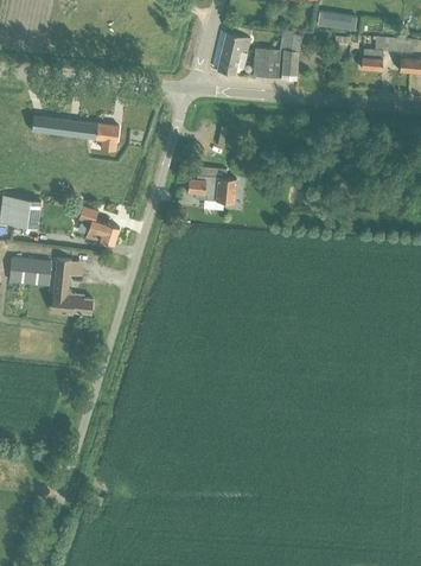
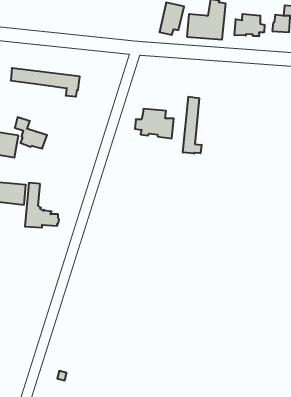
building: none -> [235,14,265,36]
building: none -> [183,97,202,154]
building: [79,205,120,244] -> [15,117,47,149]

